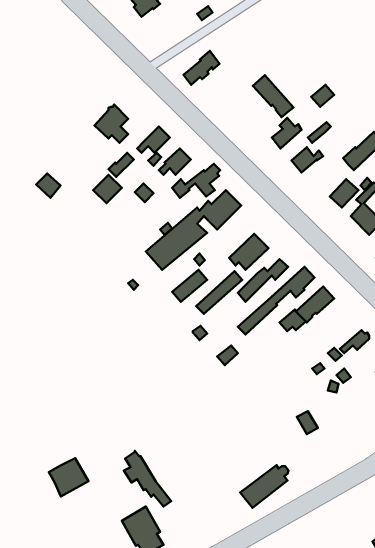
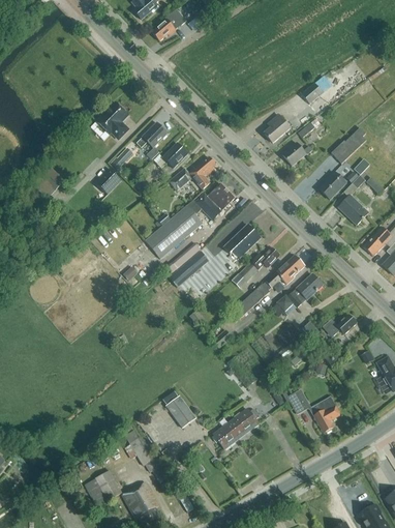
building: [183,51,220,85] -> [152,8,186,40]
building: [253,75,294,117] -> none
building: none -> [309,397,340,432]
building: none -> [166,398,194,428]
building: [49,458,88,496] -> [85,470,122,506]
building: [240,465,289,508] -> [213,408,259,448]

